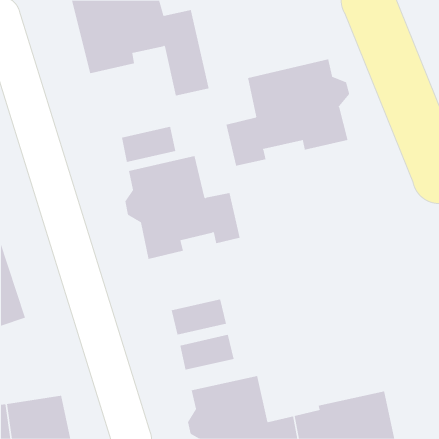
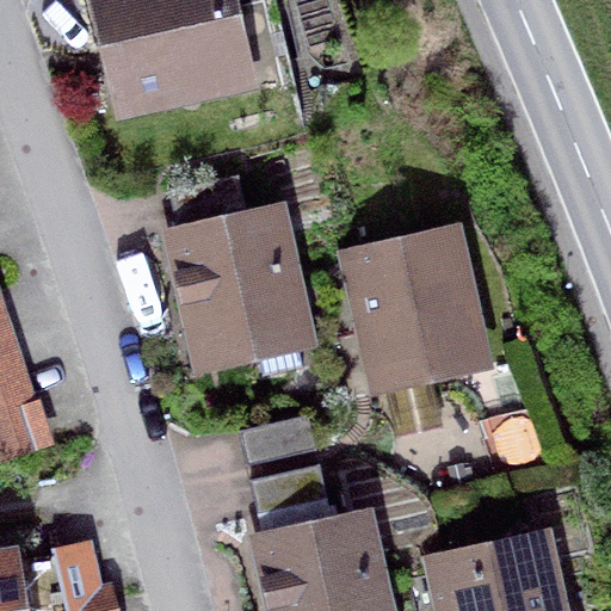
building: [226,59,350,167] -> none
building: none -> [320,237,475,371]

